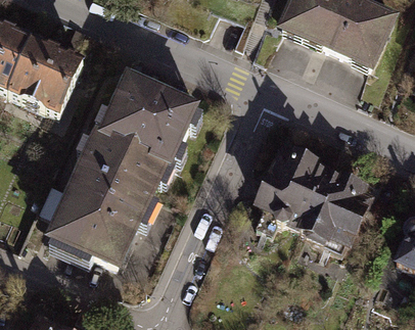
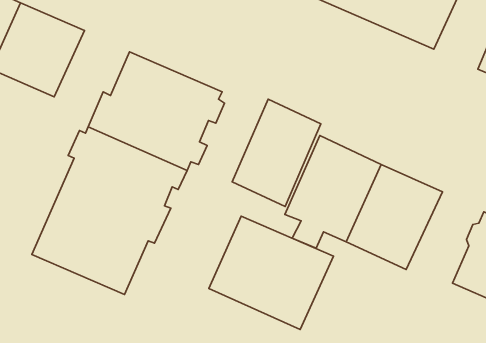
building: none -> [232,99,321,206]
building: none -> [209,216,333,330]

